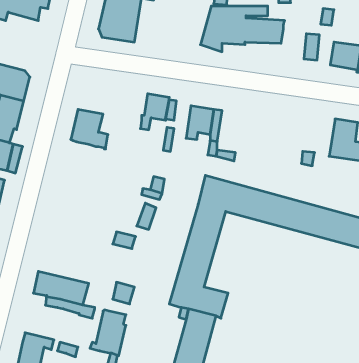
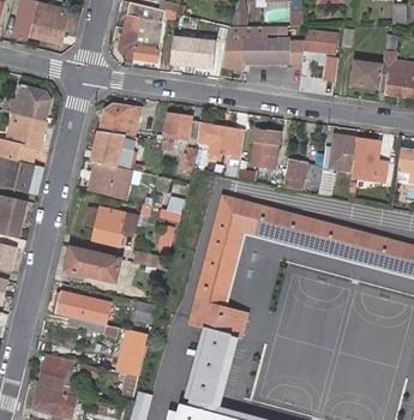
building: none -> [304,30,337,54]
building: none -> [169,36,215,68]
building: none -> [98,103,139,136]
building: none -> [250,130,278,161]
building: none -> [328,137,355,170]
building: none -> [86,161,140,199]
building: none -> [282,161,322,187]
building: none -> [84,209,131,245]
building: none -> [66,247,119,281]

